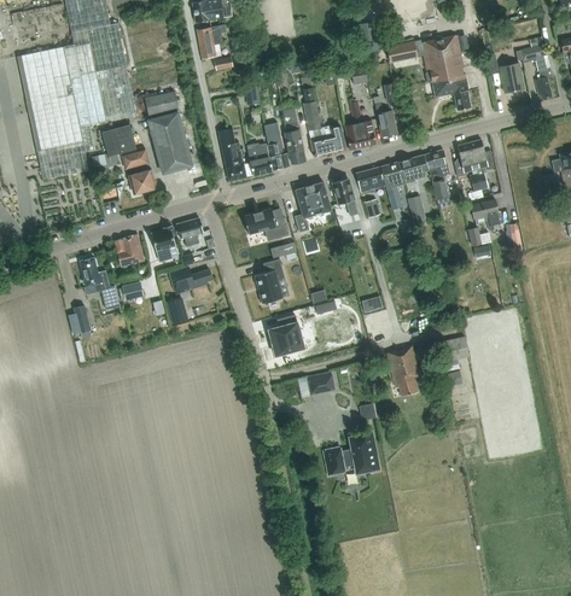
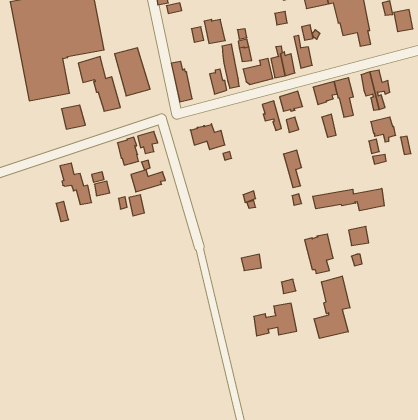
building: [145,90,177,116] -> none
building: [247,144,274,174] -> [204,19,225,43]
building: [381,162,404,209] -> [283,150,302,188]
building: [296,182,332,232] -> none
building: [115,235,145,265] -> [61,105,85,129]
building: [254,258,284,304] -> none
building: none -> [313,188,384,211]
building: [269,315,304,355] -> none
building: none -> [314,276,350,338]

